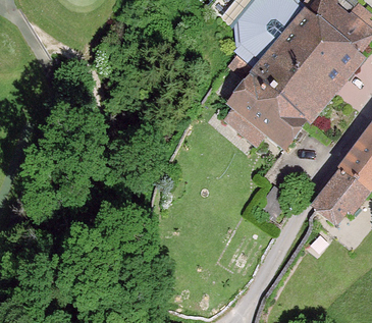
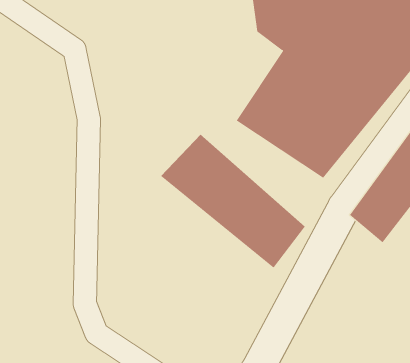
building: none -> [160,134,305,269]

